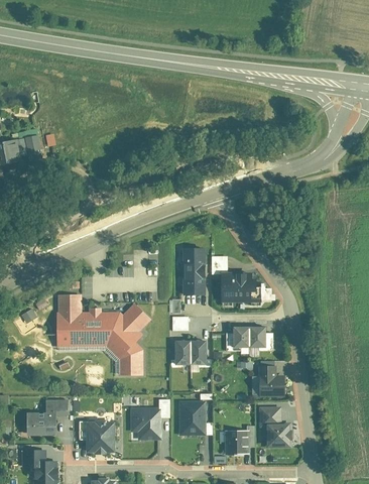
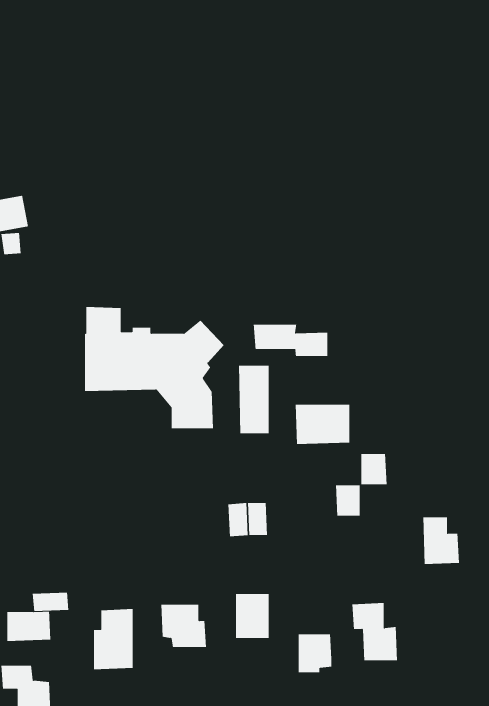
building: none -> [253,324,328,357]
building: [56,293,151,376] -> [84,306,224,429]
building: [232,328,250,349] -> [361,453,387,485]
building: [259,366,284,398] -> [422,517,460,565]

